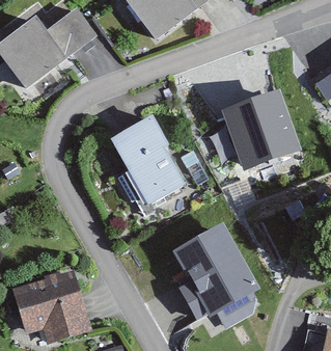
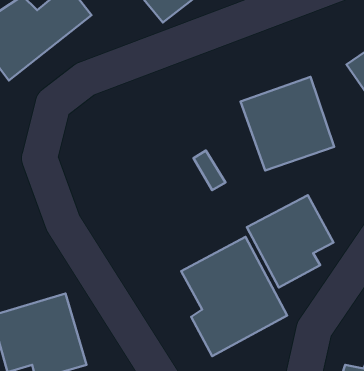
building: [110,116,186,205] -> none
building: none -> [247,195,334,287]

